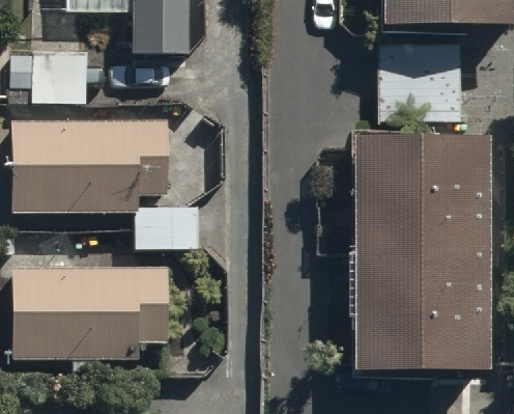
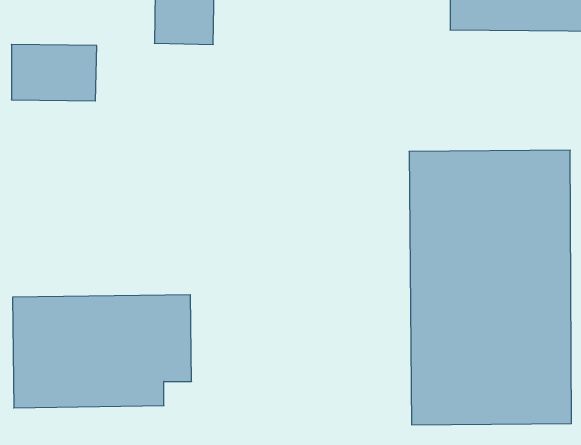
building: [371,54,460,126] -> none
building: [8,114,166,215] -> none

